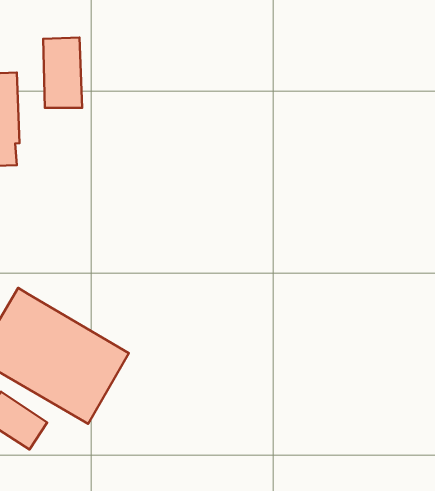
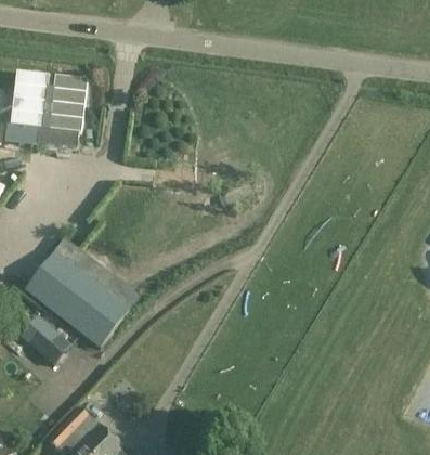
building: [43,38,82,108] -> none

